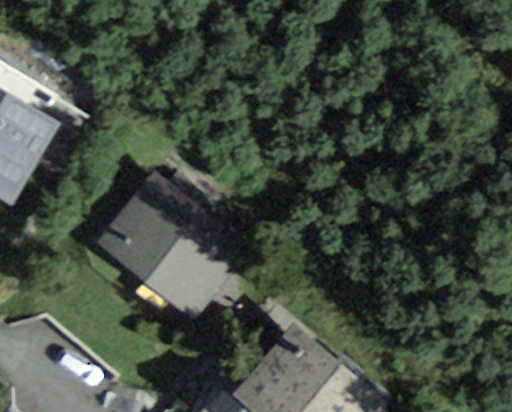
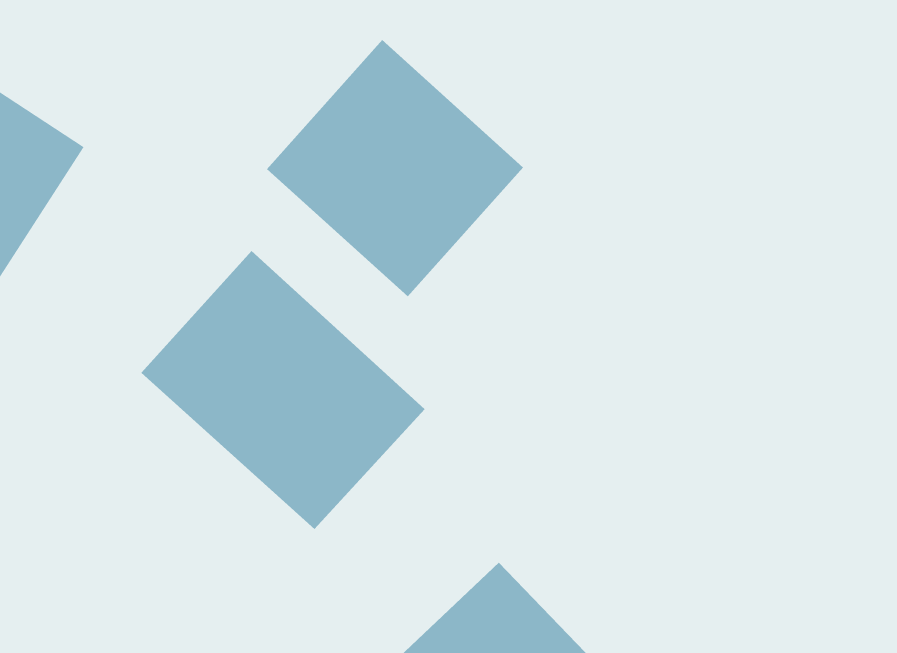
building: none -> [266,39,524,297]

